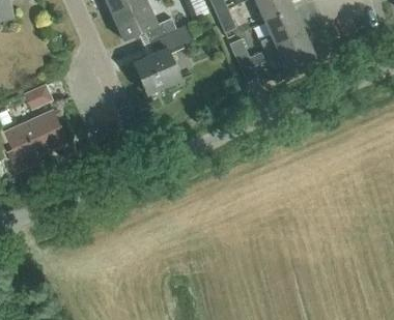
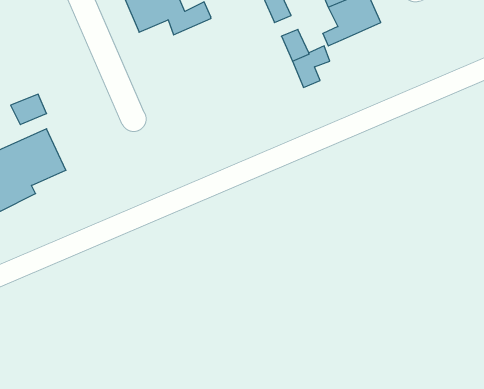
building: [134,23,195,93] -> none
building: [276,32,315,69] -> none

